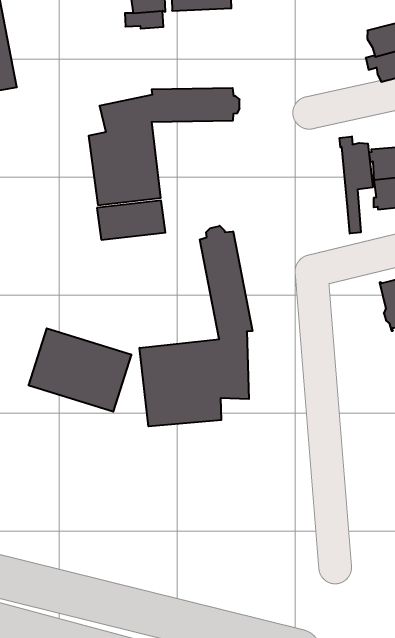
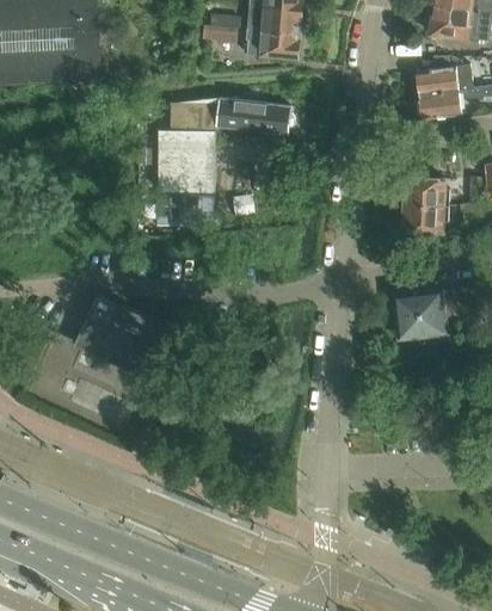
building: none -> [245,30,299,58]
building: [340,136,373,234] -> none
building: [140,226,252,426] -> none

